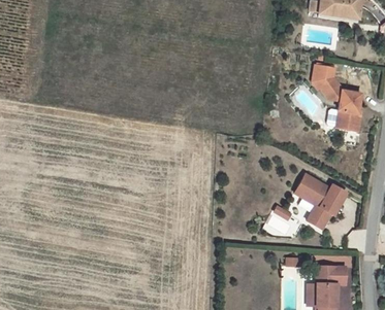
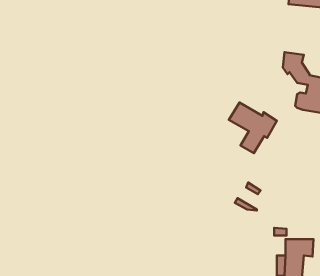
building: [296,174,348,229] -> [229,102,277,153]

